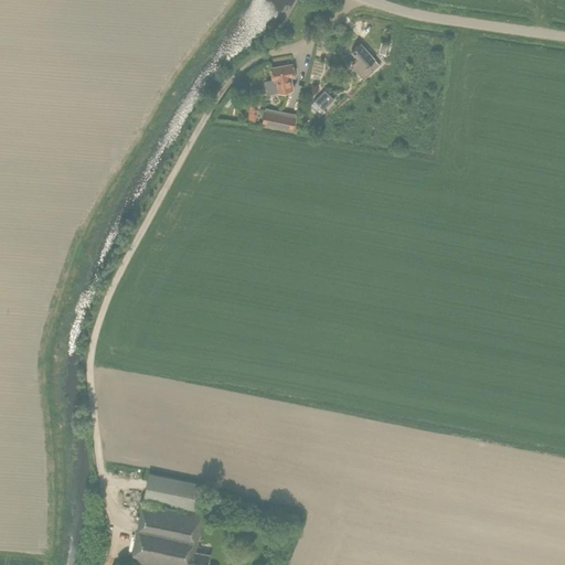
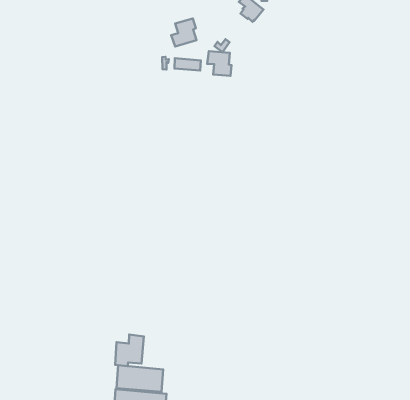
building: none -> [207,51,232,76]
building: none -> [115,334,144,366]

